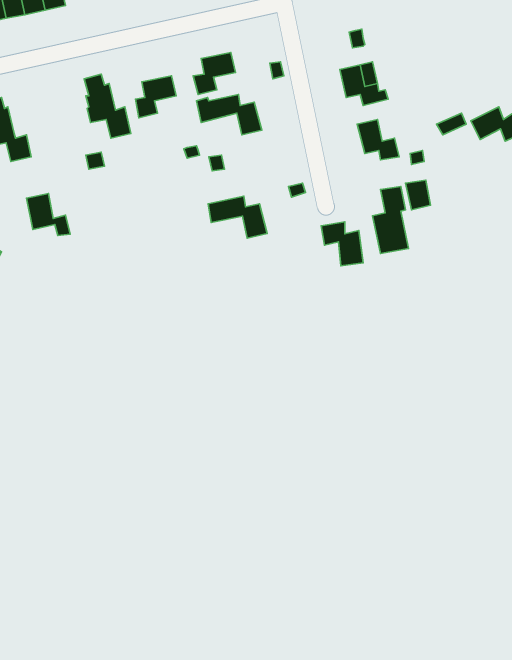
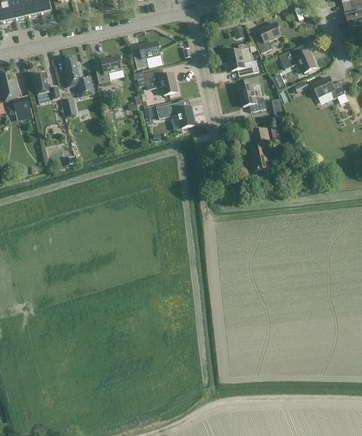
building: none -> [256,22,281,53]
building: none -> [278,43,315,72]
building: [27,194,70,236] -> [32,72,60,99]
building: [208,196,267,238] -> [156,101,194,128]
building: [321,222,363,266] -> none

